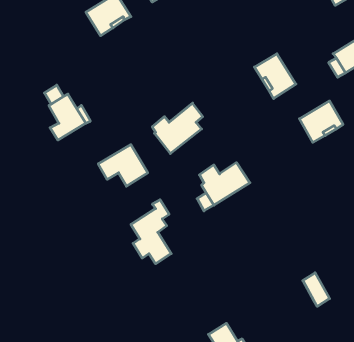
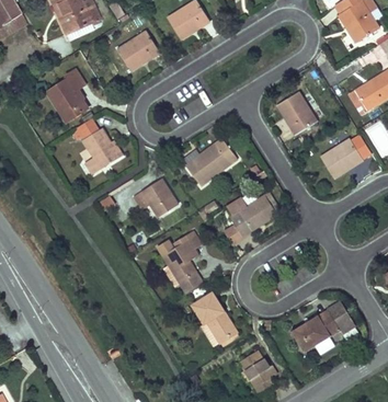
building: none -> [43,70,83,124]
building: none -> [185,295,230,348]
building: none -> [289,312,335,353]

